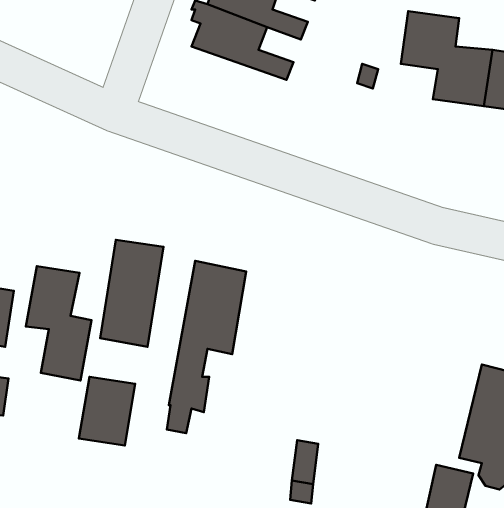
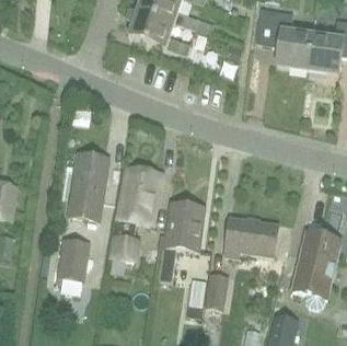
building: [26,266,92,380] -> none
building: none -> [160,203,205,279]
building: none -> [224,216,278,255]
building: none -> [206,273,228,309]

